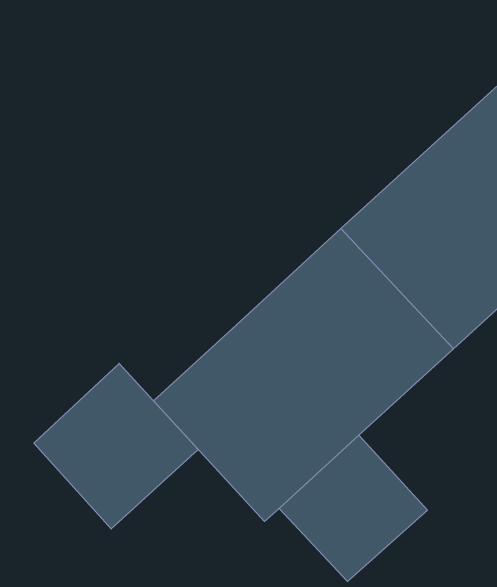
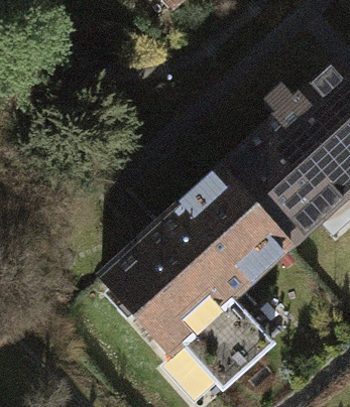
building: [34,363,198,529] -> none

